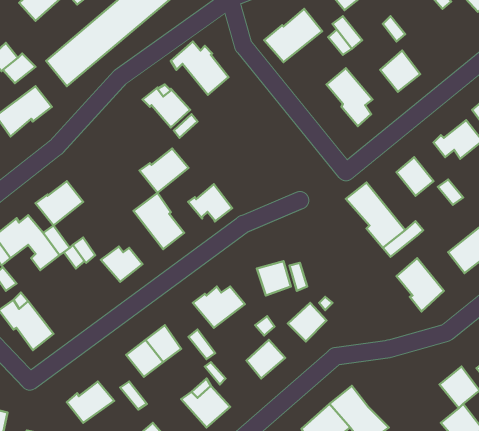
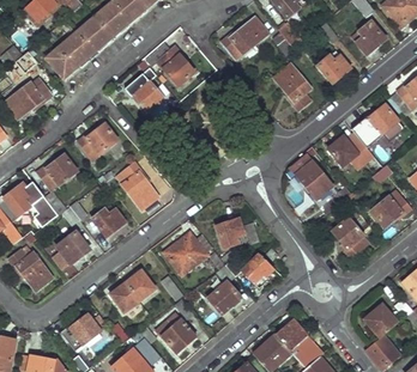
building: none -> [356,20,385,54]
building: [140,148,189,193] -> [78,123,117,159]
building: [188,184,232,222] -> none
building: none -> [60,231,90,263]

